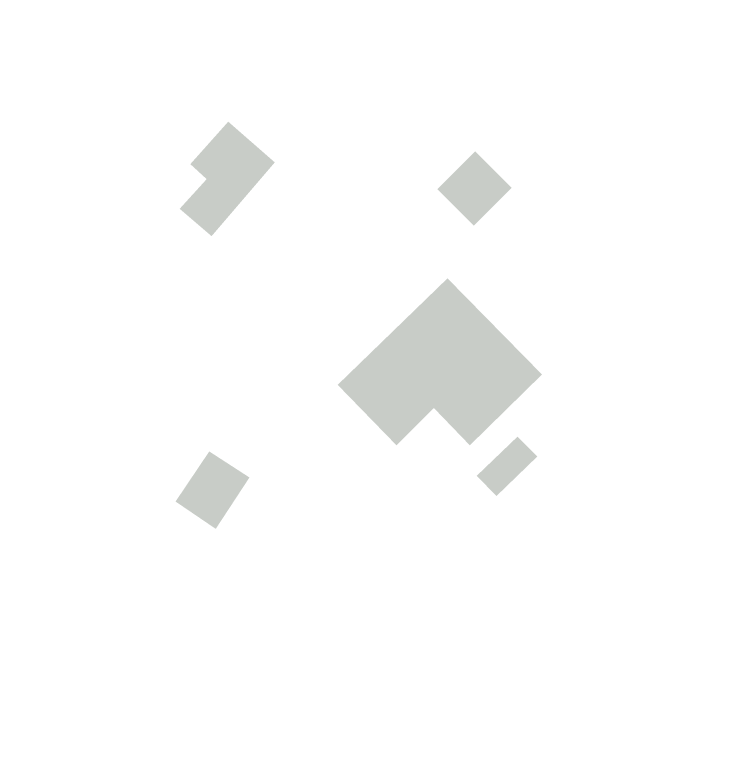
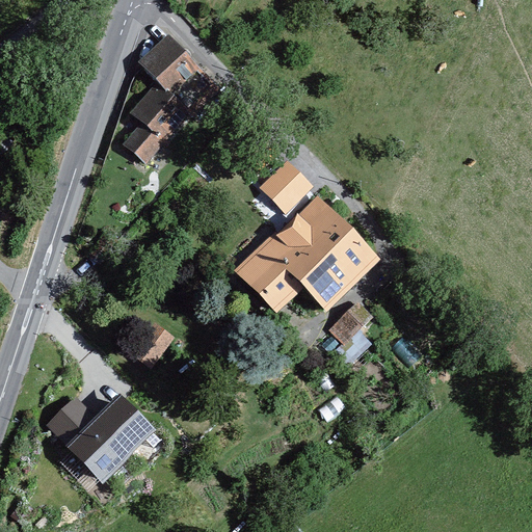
building: none -> [142,35,203,96]
building: [436,150,513,227] -> [256,158,309,211]
building: none -> [45,391,155,481]

